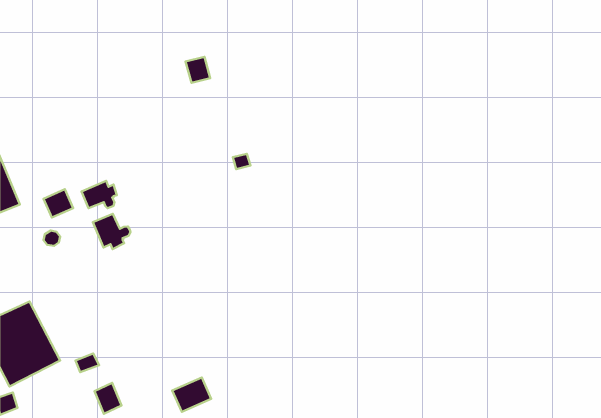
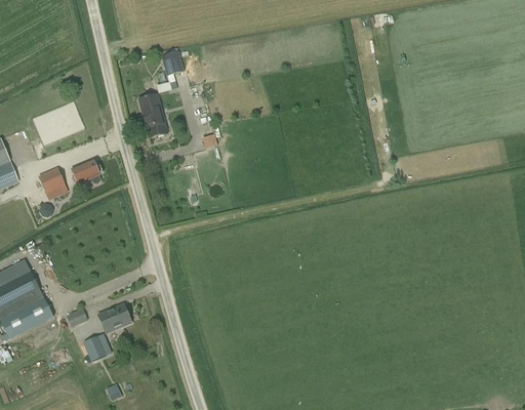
building: none -> [138,93,165,137]
building: [93,214,131,249] -> none
building: [172,378,211,412] -> [97,303,131,333]

